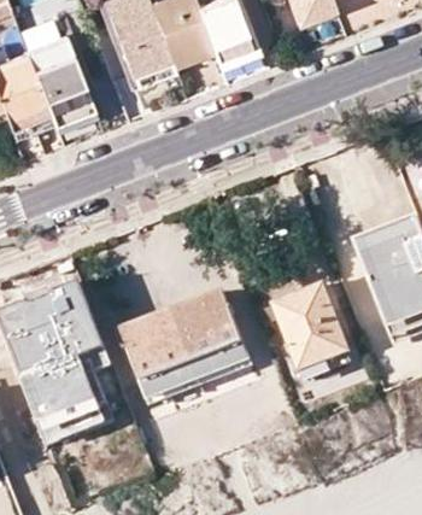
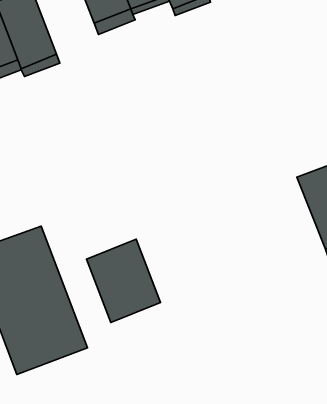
building: [279,286,356,374] -> none
building: [178,292,252,379] -> none

